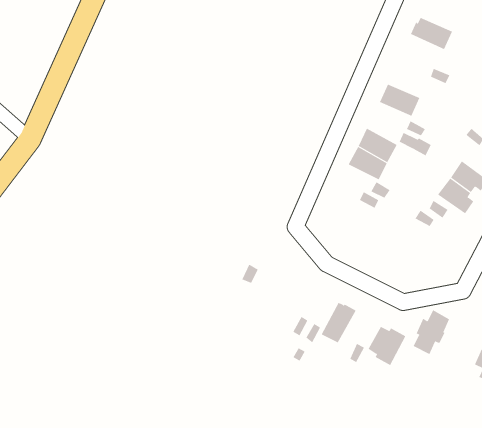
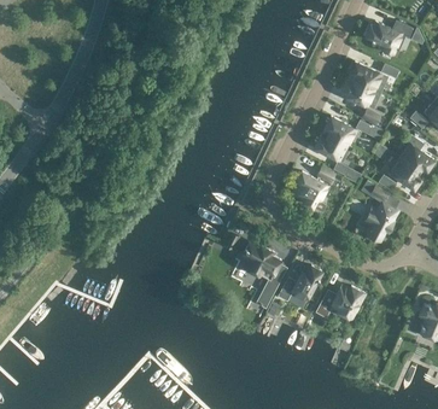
building: none -> [344,60,379,89]
building: none -> [290,169,326,204]
building: none -> [239,241,278,275]
building: [413,309,450,355] -> [362,201,393,240]

